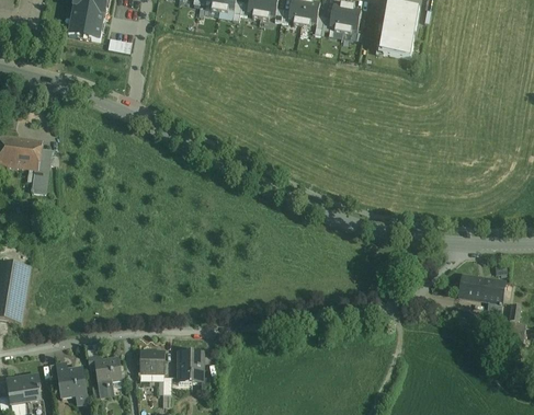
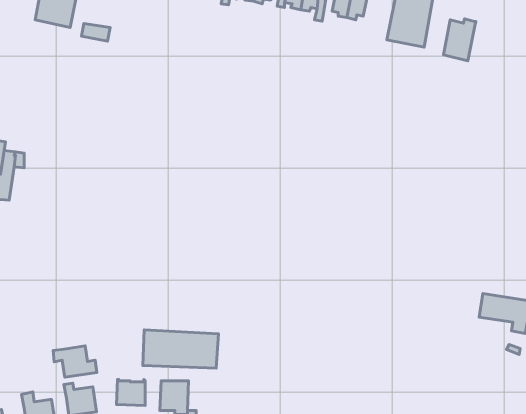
building: none -> [443,19,476,61]
building: none -> [143,330,219,368]
building: none -> [53,346,97,377]

